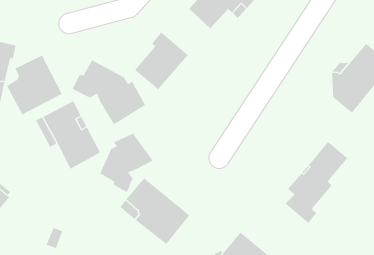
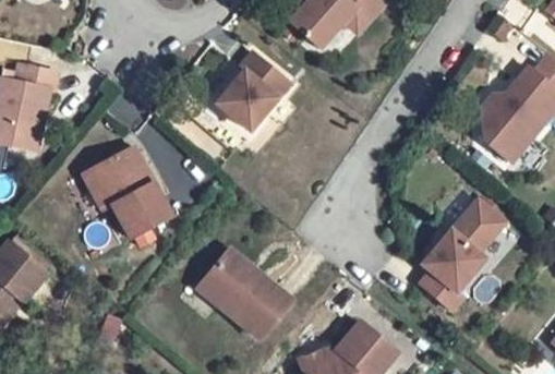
building: [6,55,62,115] -> none
building: [72,59,146,125] -> none
building: [99,133,153,193] -> none

